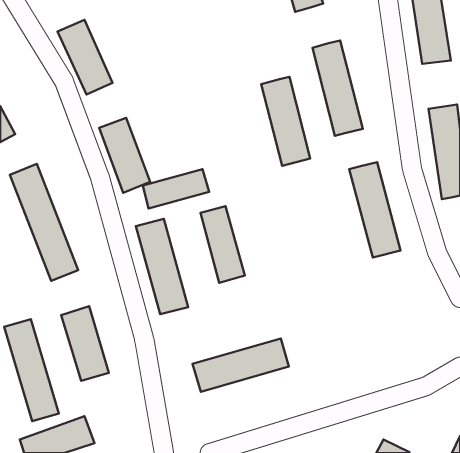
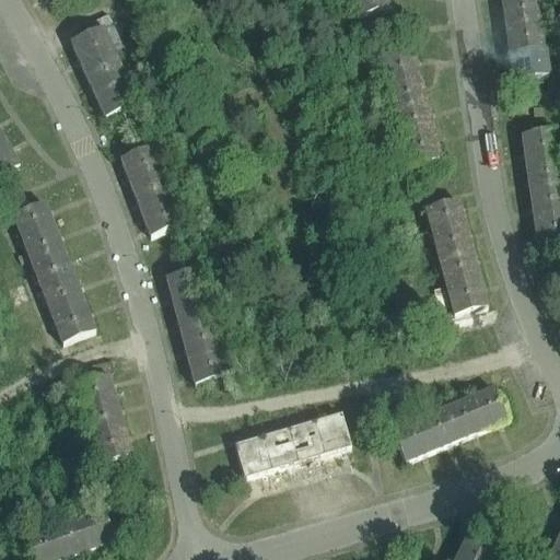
building: [261,77,310,166] -> none
building: [143,169,209,209] -> none
building: [201,206,245,283] -> none
building: none -> [390,385,508,459]
building: [4,319,59,421] -> none

